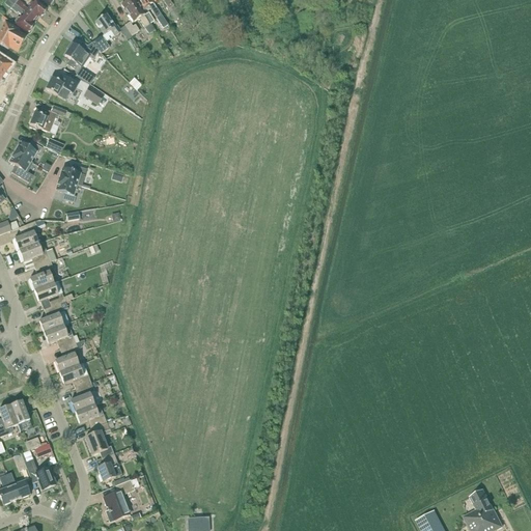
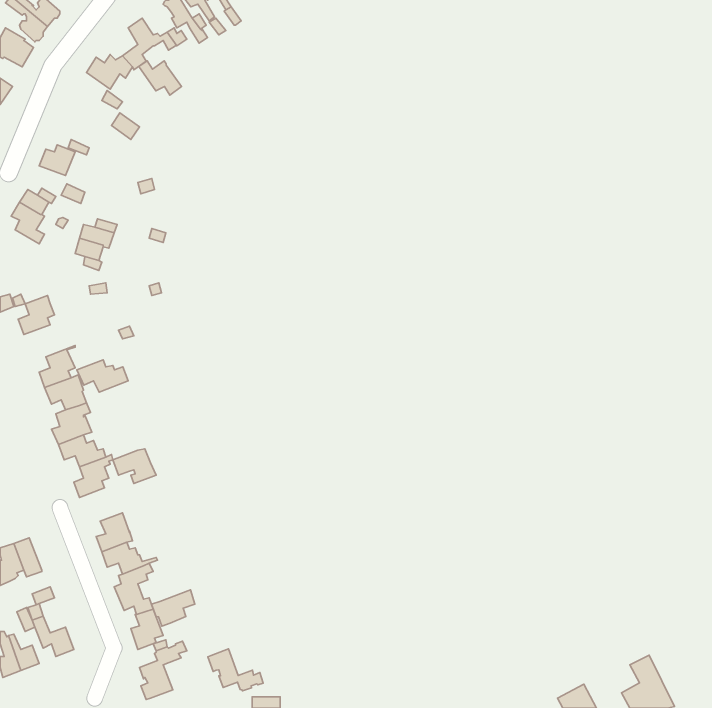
building: none -> [139,61,181,95]
building: [46,73,75,99] -> none
building: [18,242,56,266] -> [77,360,128,392]
building: [59,362,91,388] -> [113,449,156,484]
building: none -> [151,590,195,626]
building: none -> [208,649,263,691]

